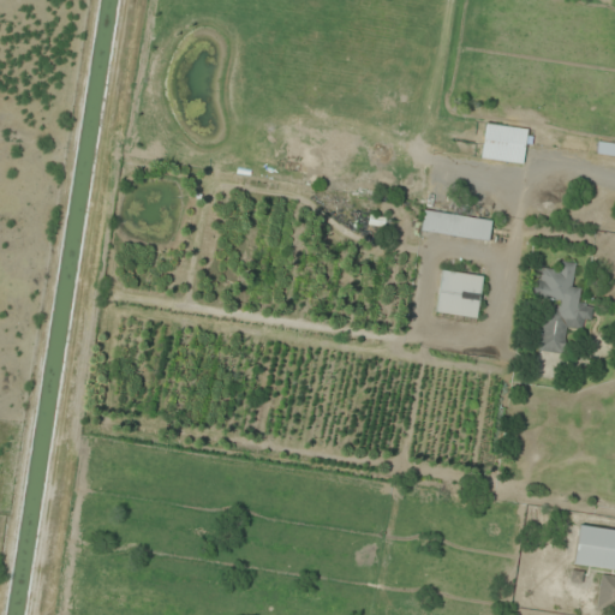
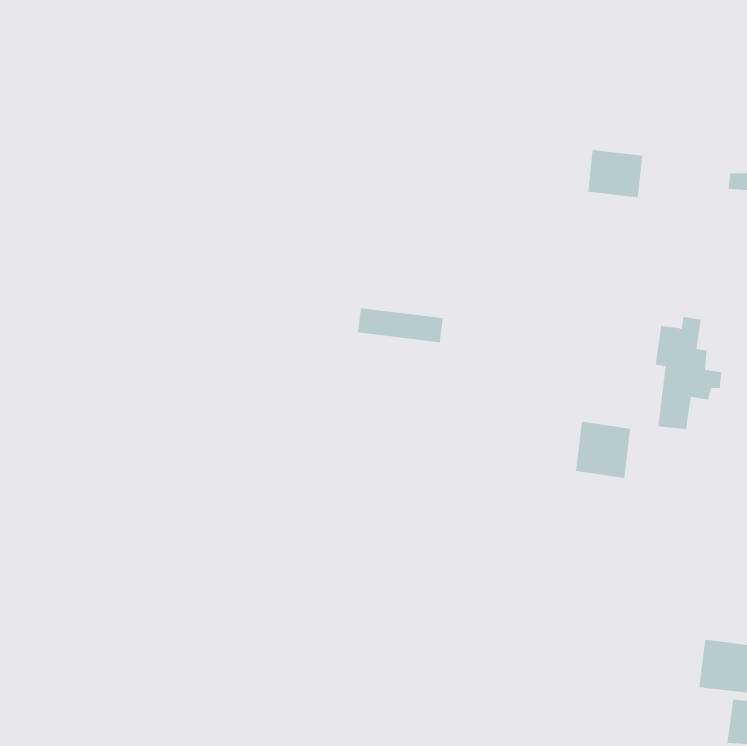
building: [422,211,492,240] -> [357,308,443,343]
building: [437,270,483,317] -> [575,421,631,478]

